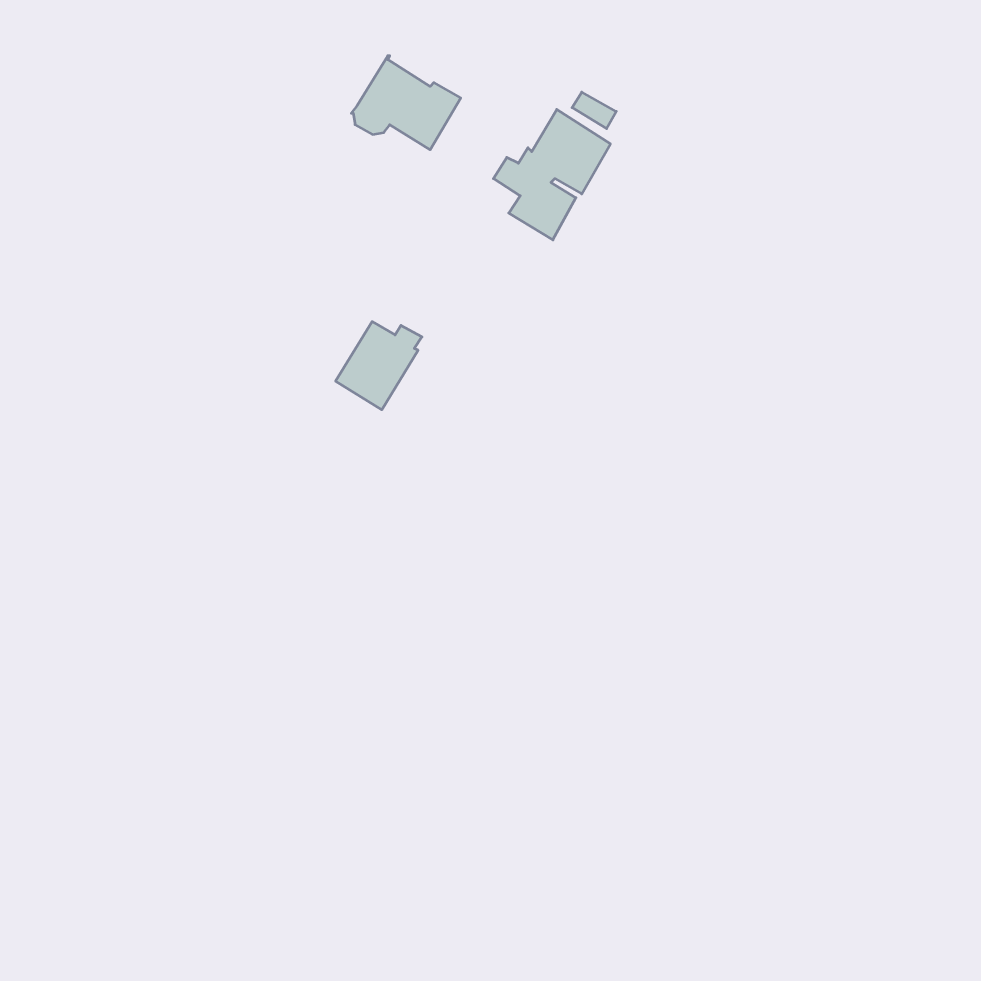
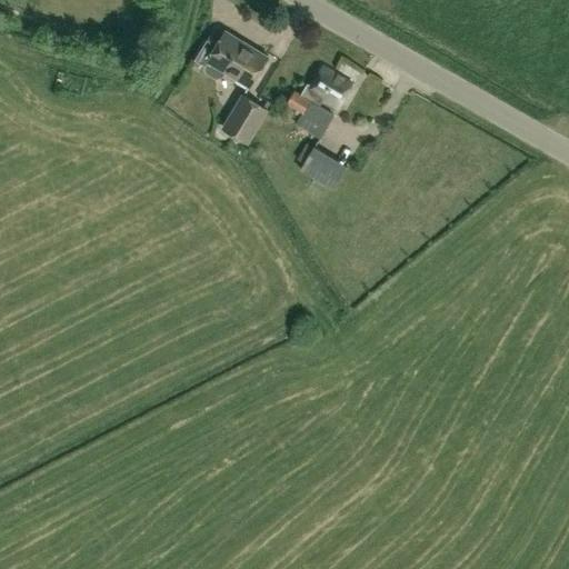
building: none -> [299,146,348,190]
building: [336,322,422,410] -> [220,93,270,144]

